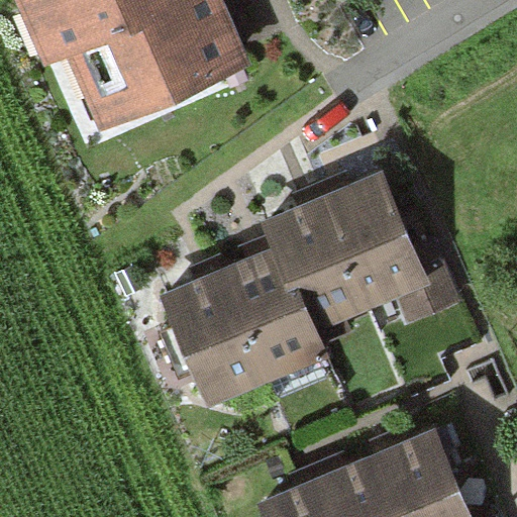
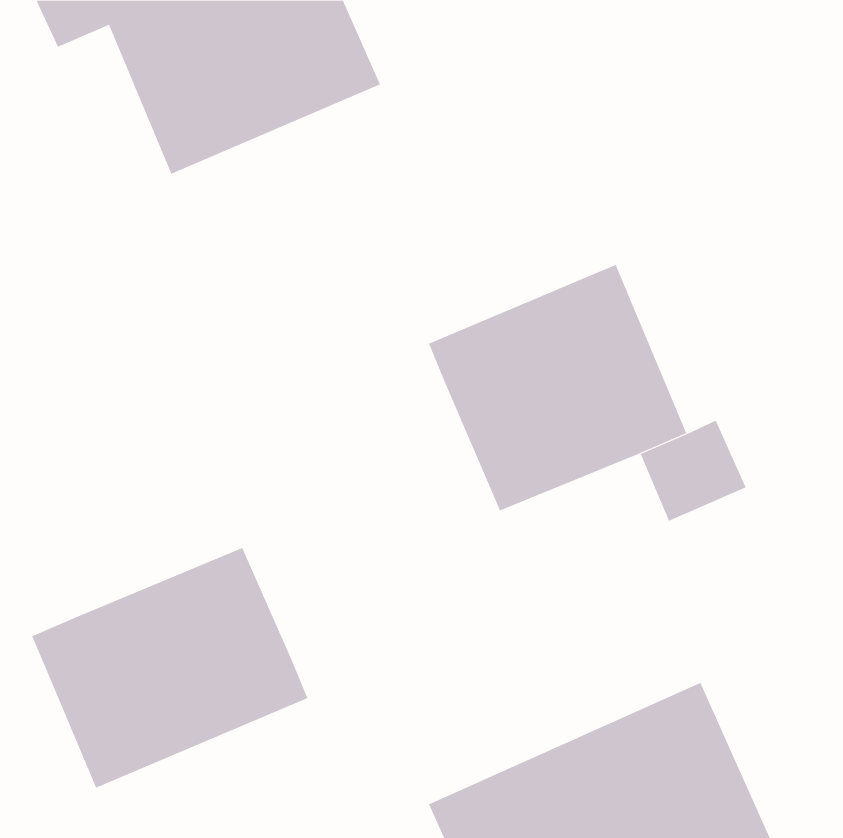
building: [170,243,323,396] -> none
building: none -> [32,547,308,788]

